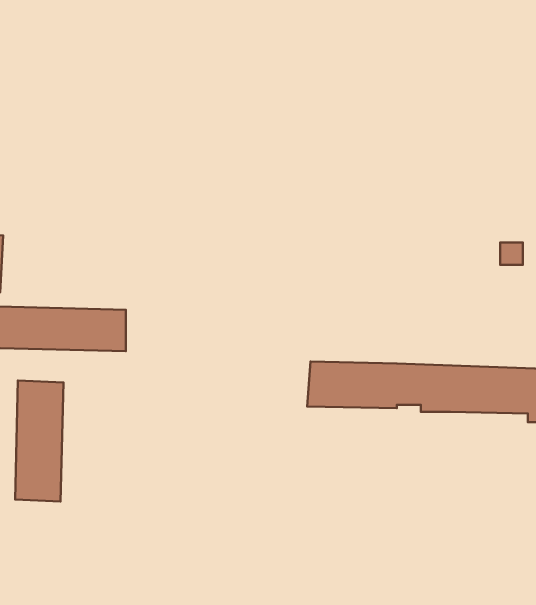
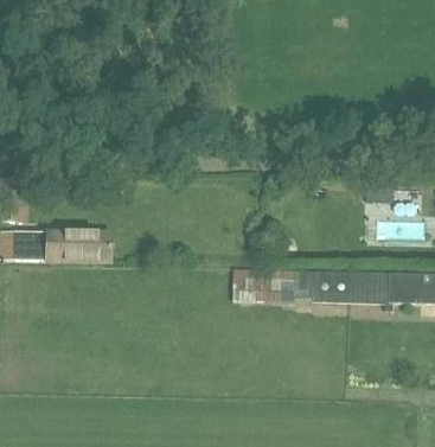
building: [15,381,64,502] -> none

